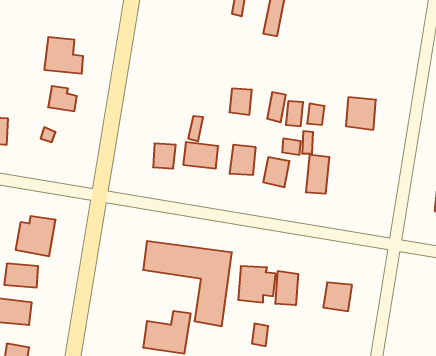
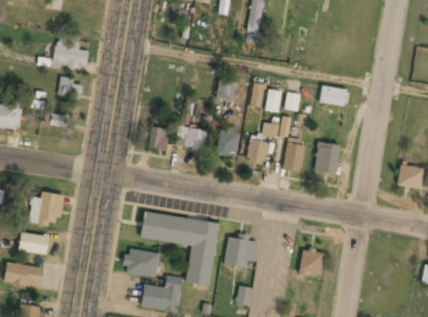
building: none -> [315,142,340,174]
building: [275,271,298,305] -> none
building: none -> [124,250,158,276]

